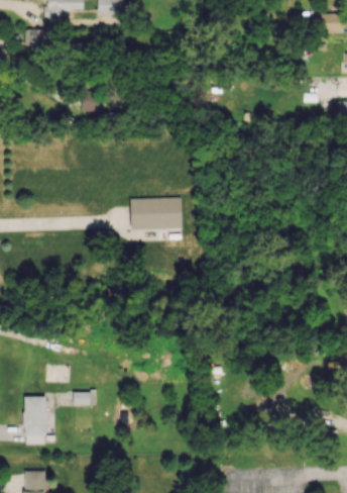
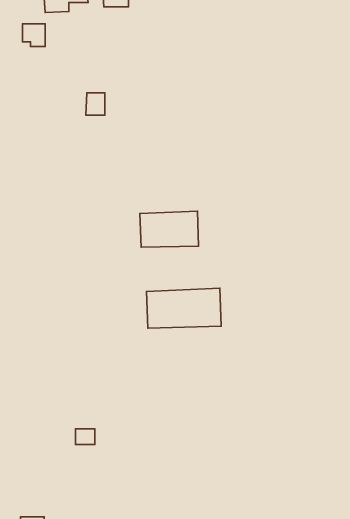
building: none -> [147,288,221,328]
building: [24,396,45,445] -> none

